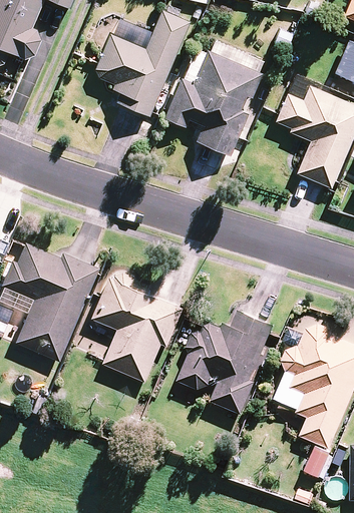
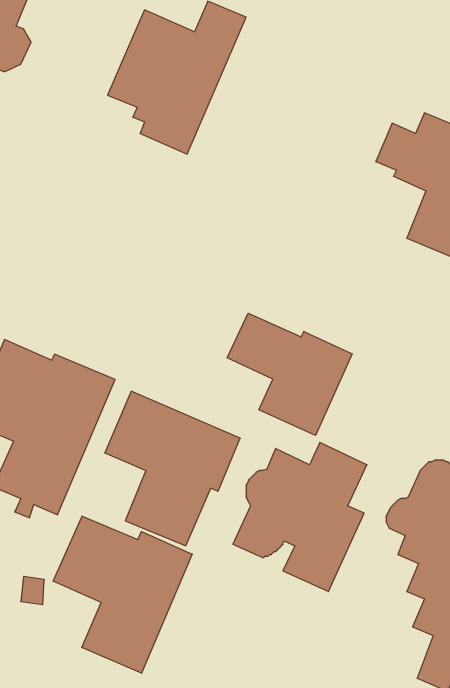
building: [162,50,259,153] -> none
building: none -> [227,313,352,435]
building: none -> [53,516,192,673]

